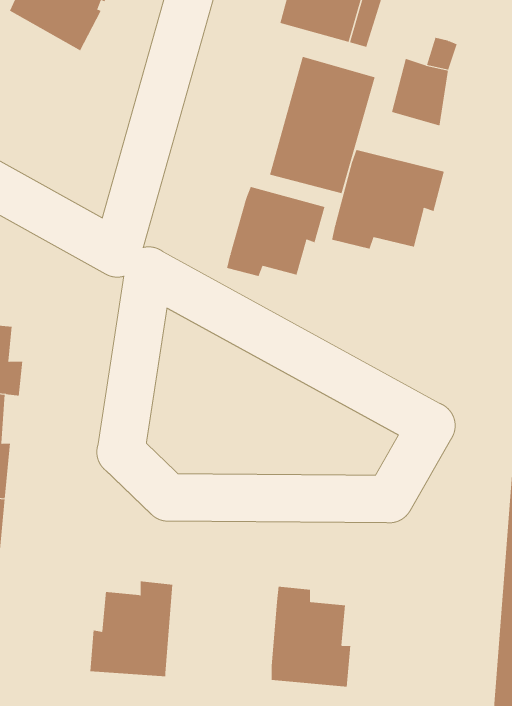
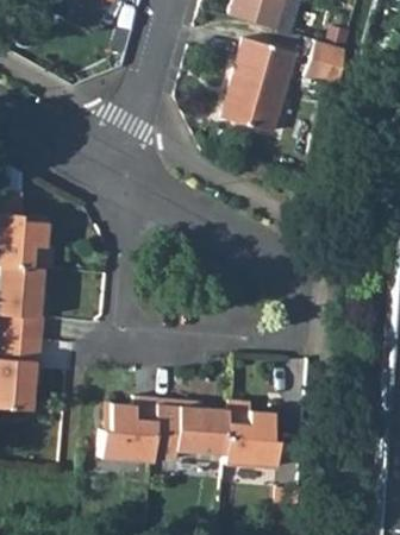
building: [332,149,444,249] -> none
building: [227,186,325,277] -> none
building: none -> [155,399,230,461]

